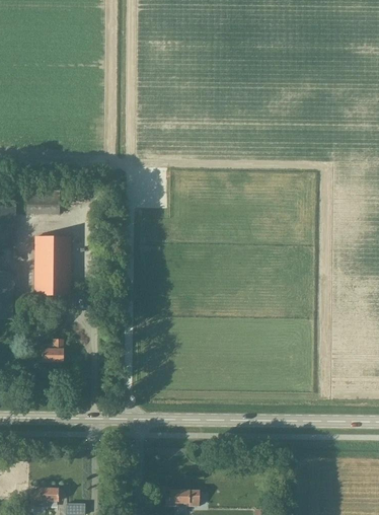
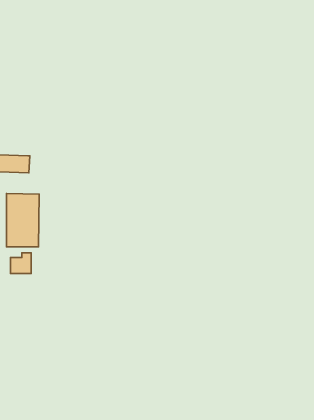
building: [42,339,64,361] -> [11,253,31,274]

